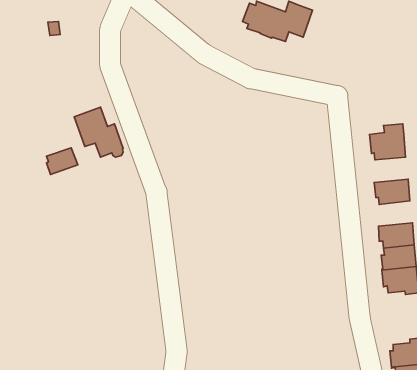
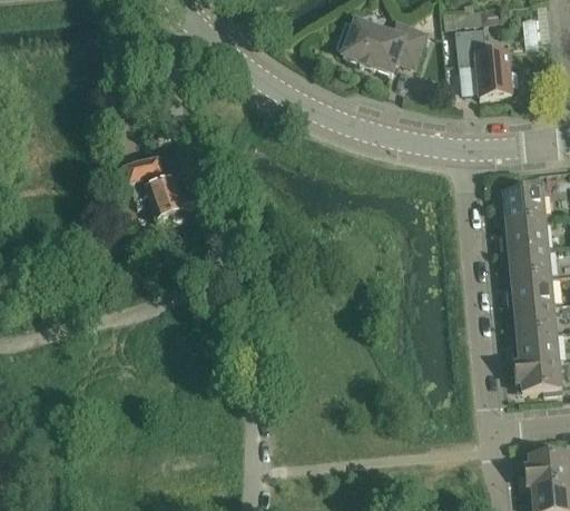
building: none -> [455,28,519,98]
building: [47,148,78,175] -> none
building: none -> [503,219,549,252]
building: none -> [509,275,554,307]

